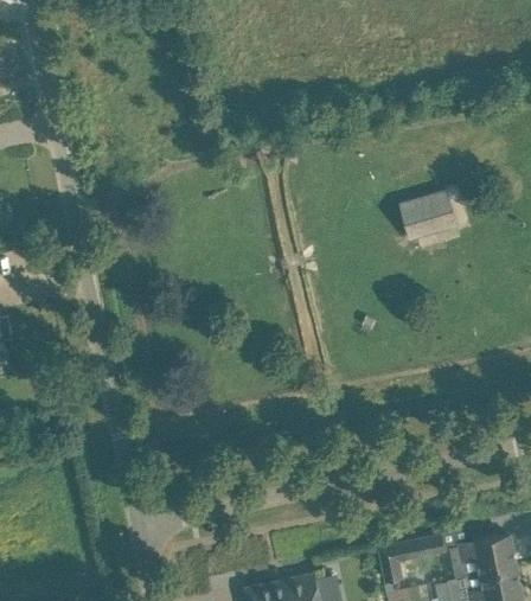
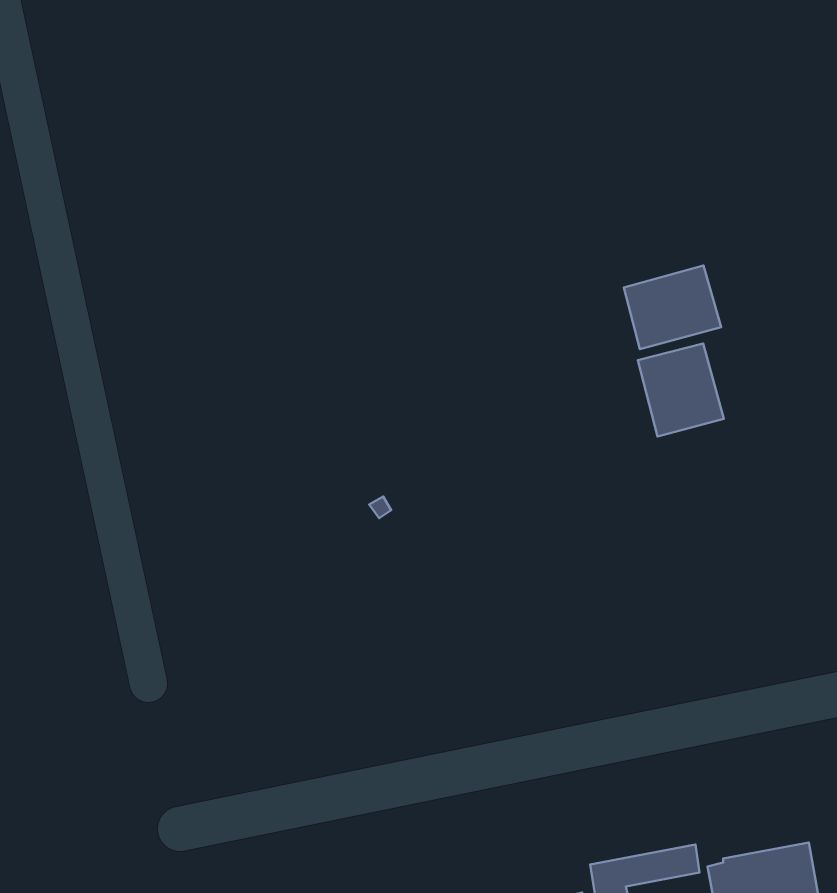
building: none -> [638,343,724,437]

